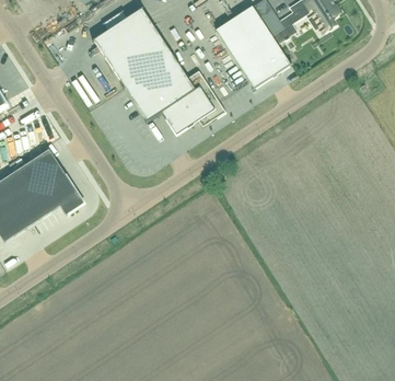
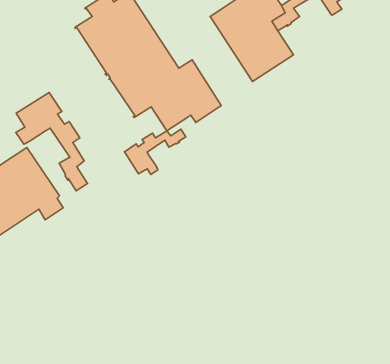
building: none -> [16,93,87,191]
building: none -> [125,129,186,175]

